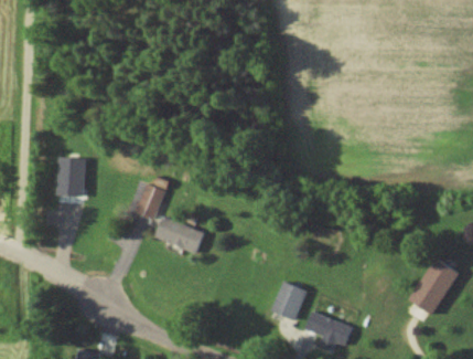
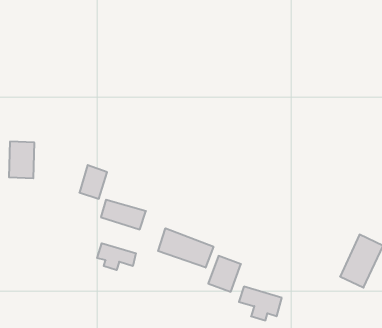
building: none -> [158,228,213,268]
building: none -> [97,243,136,270]

